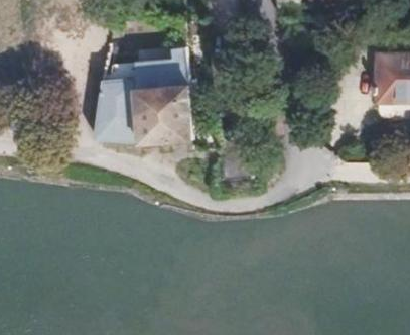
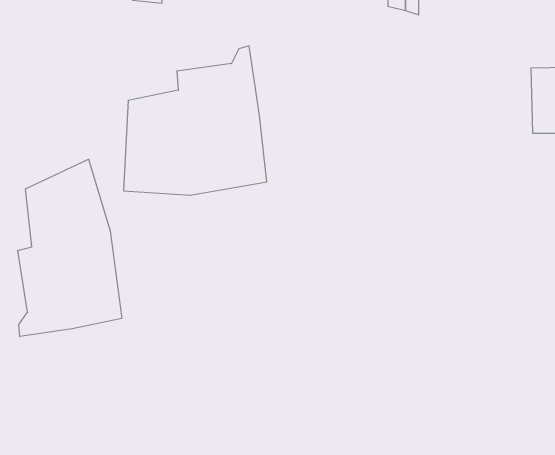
building: none -> [18,159,122,337]

